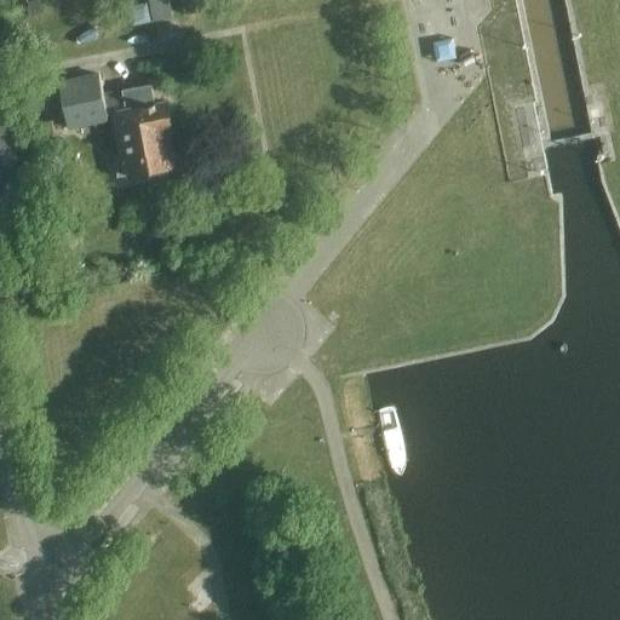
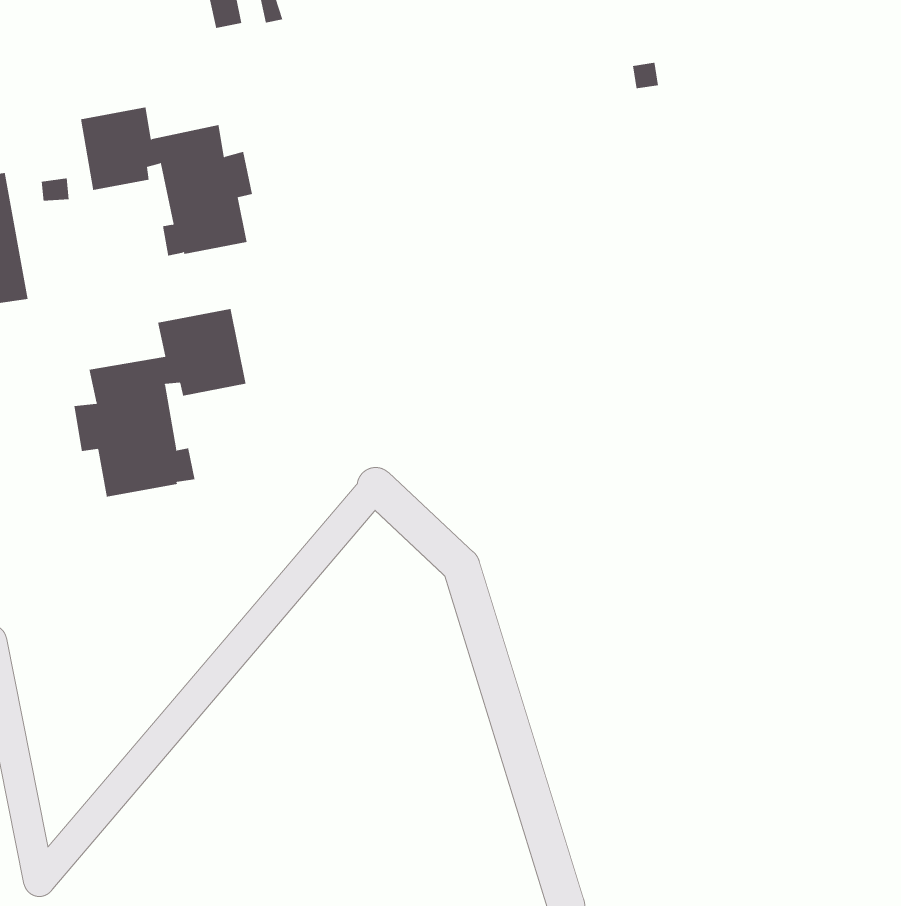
building: none -> [74,308,246,498]

